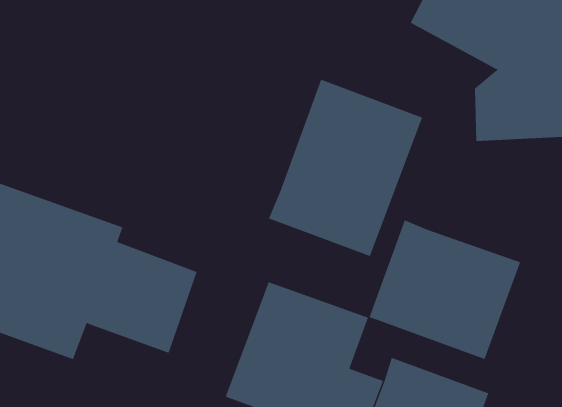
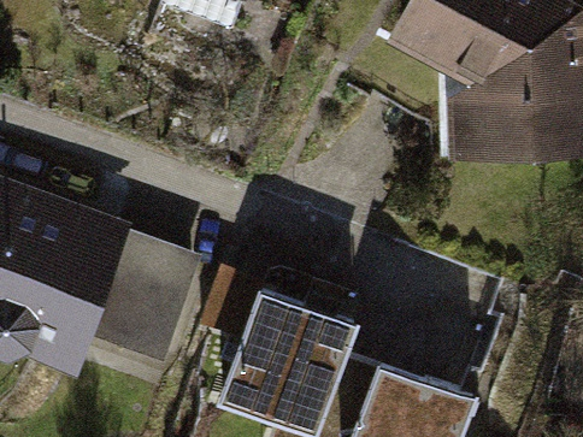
building: [268,79,423,257] -> none
building: [369,219,521,360] -> none

